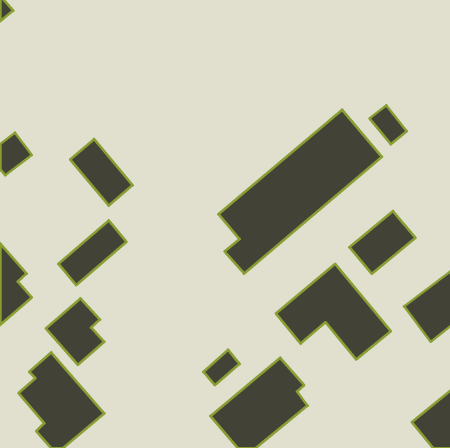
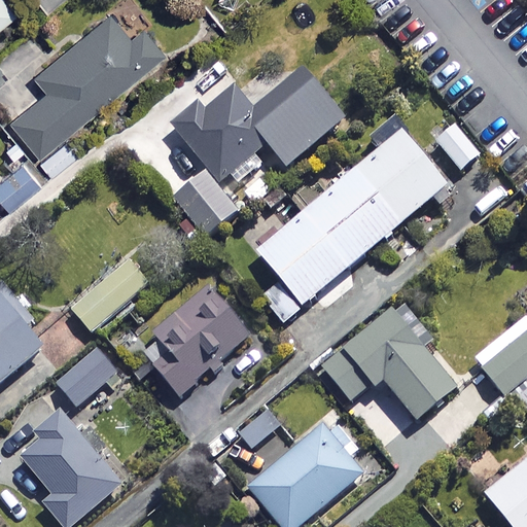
building: none -> [9,7,162,168]
building: none -> [170,69,342,238]
building: [70,139,133,206] -> none
building: [349,211,415,274] -> none
building: none -> [154,286,250,394]

